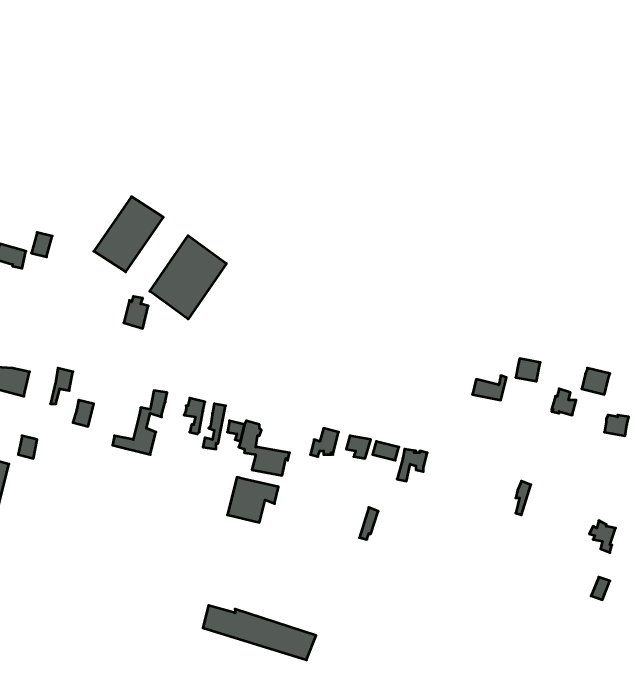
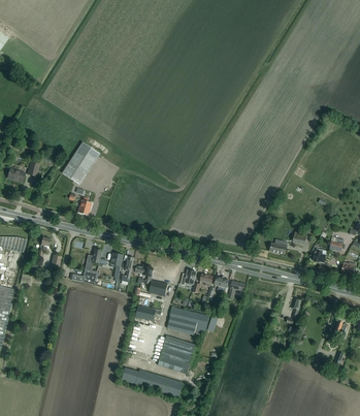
building: [150,236,226,319] -> none
building: none -> [167,307,208,334]
building: none -> [158,335,195,374]

